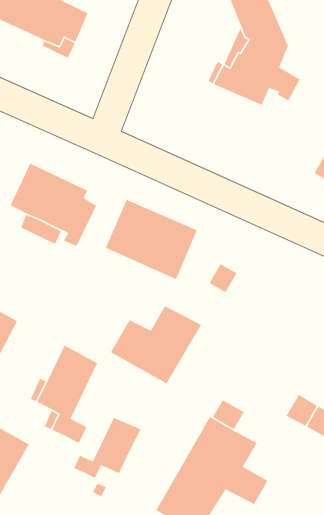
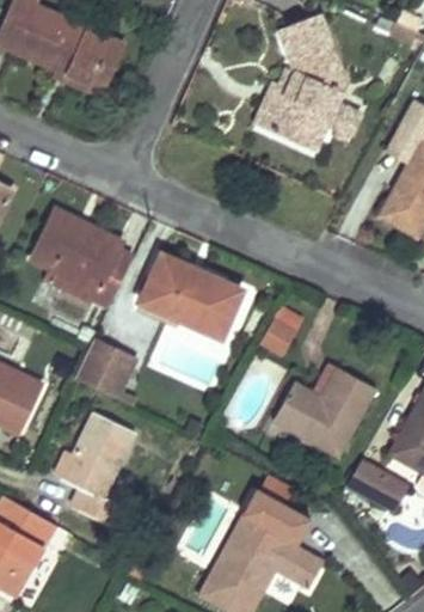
building: none -> [74,335,136,396]
building: [110,305,202,385] -> [274,369,376,458]
building: [73,417,141,479] -> none

